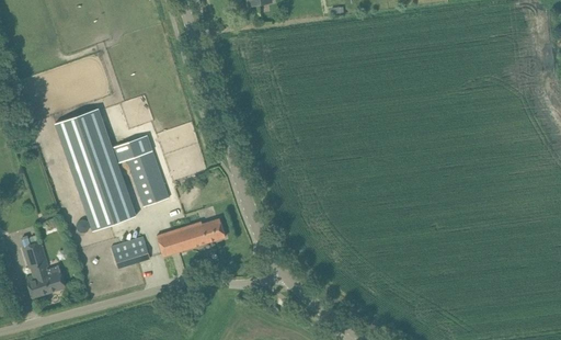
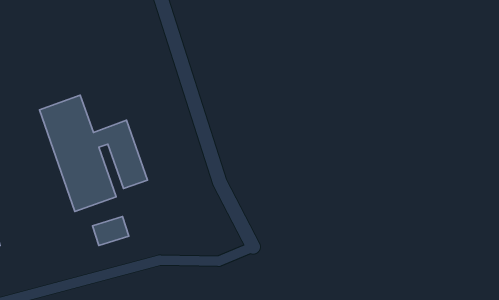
building: [157,216,226,254] -> none
building: [23,236,66,296] -> none

